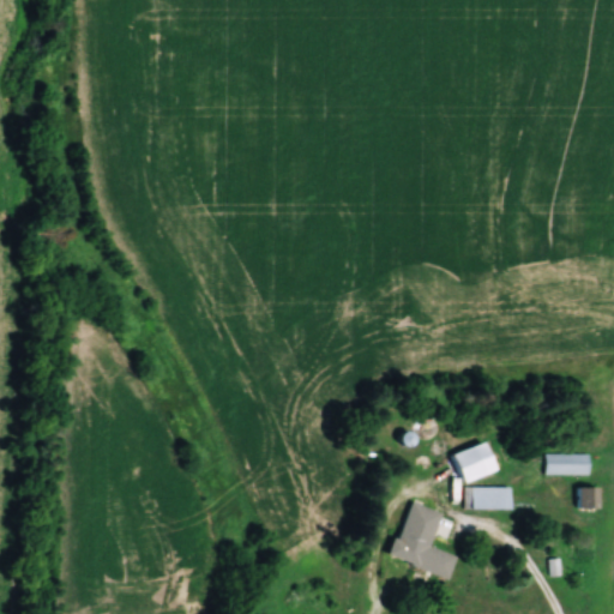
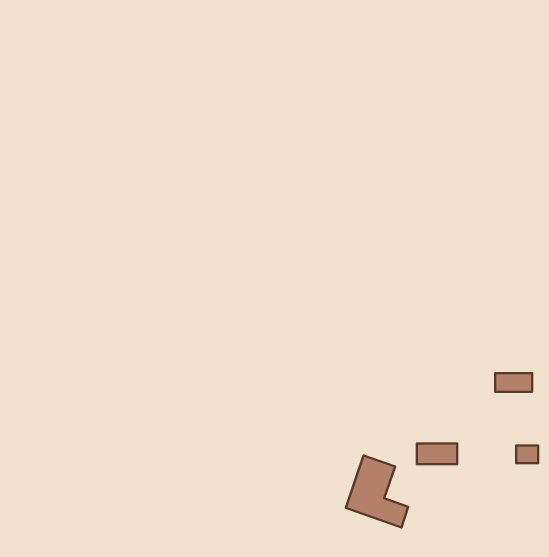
building: [447,440,499,486] -> none
building: [548,455,589,475] -> [495,373,532,392]

